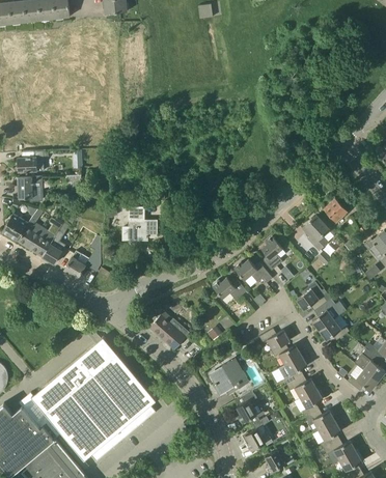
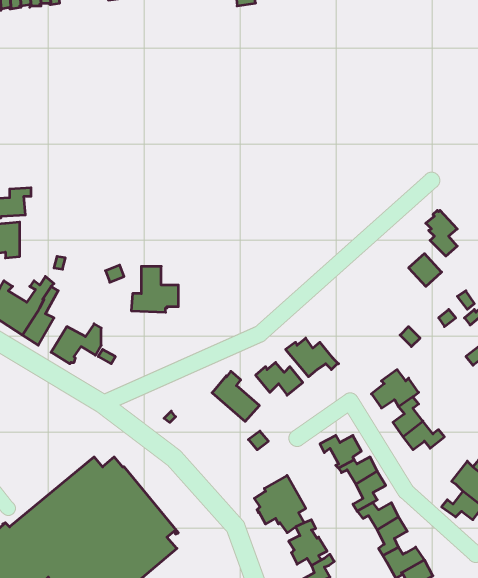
building: [304,217,327,250] -> [426,210,457,256]
building: [260,236,282,271] -> none
building: [149,312,184,348] -> [212,371,259,421]

